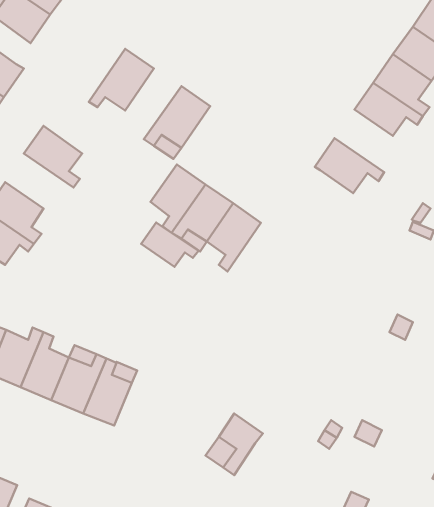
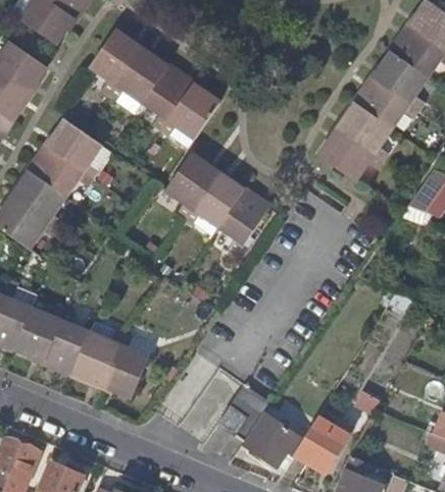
building: none -> [88,29,142,96]
building: none -> [142,65,194,130]
building: none -> [336,103,390,161]
building: none -> [31,144,94,195]
building: [141,223,199,267] -> none
building: none -> [242,412,286,466]
building: none -> [292,423,348,464]

